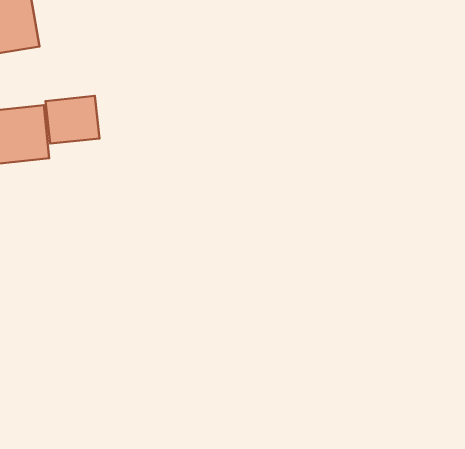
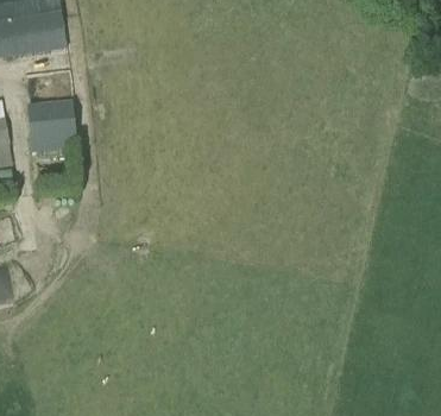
building: [46,96,99,144] -> none

